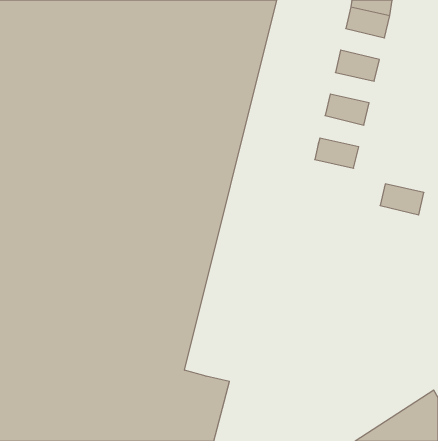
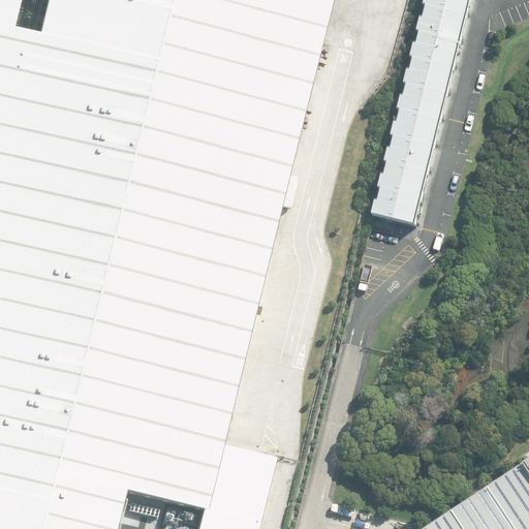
building: none -> [408,34,461,71]
building: none -> [396,87,448,123]
building: none -> [383,138,436,176]
building: [380,184,424,215] -> [371,191,424,228]

